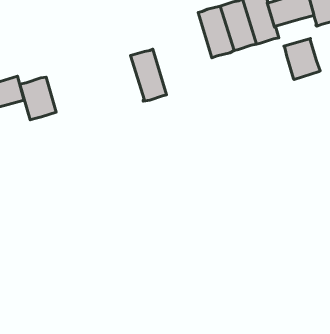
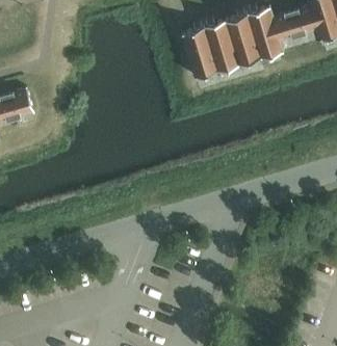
building: [284,38,320,79] -> none
building: [131,49,167,101] -> [183,28,218,79]
building: [20,77,56,120] -> none

